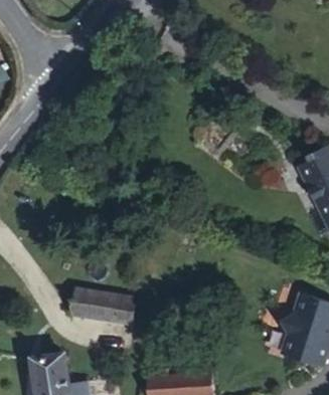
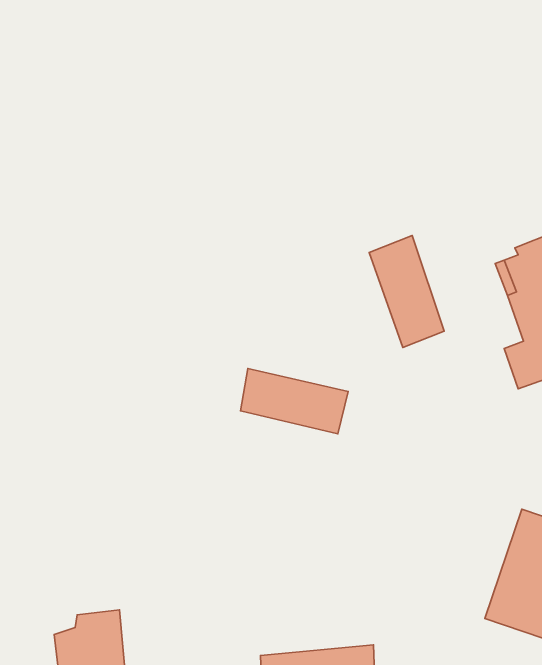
building: none -> [369,235,444,348]
building: [81,294,143,332] -> [241,369,348,434]

